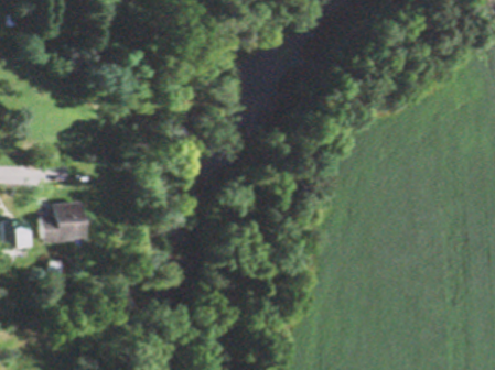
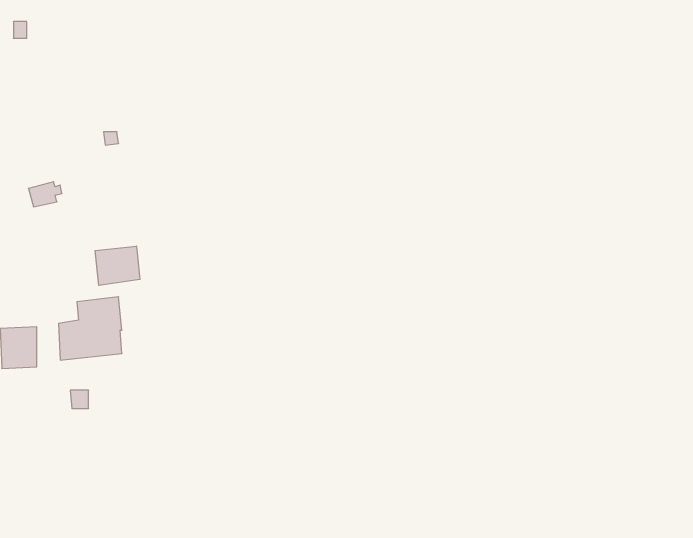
building: none -> [95,246,140,285]

